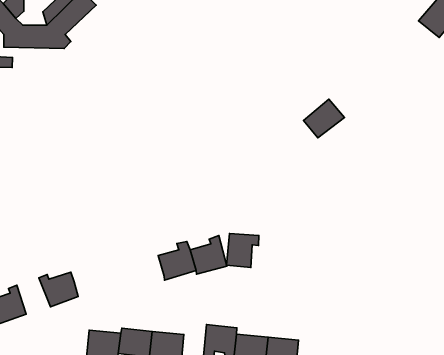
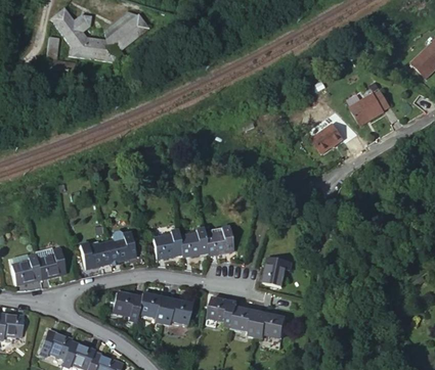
building: none -> [347,90,390,128]
building: [227,233,259,268] -> [262,257,291,286]
building: none -> [153,229,181,258]
building: none -> [105,233,135,263]

